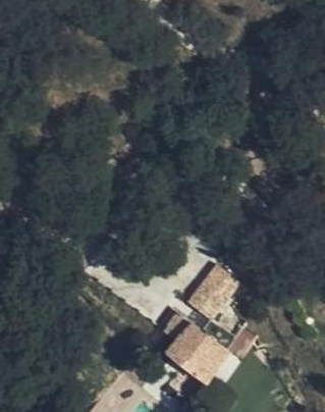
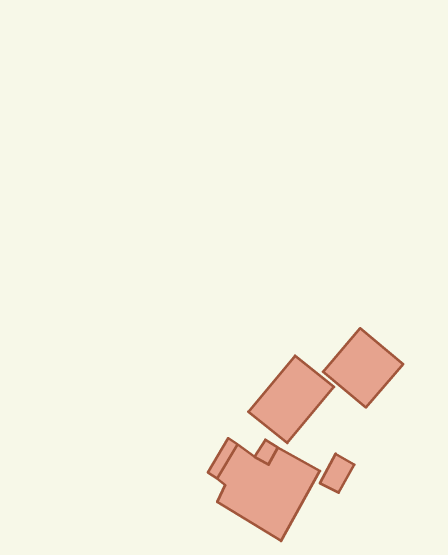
building: none -> [323,328,403,407]

